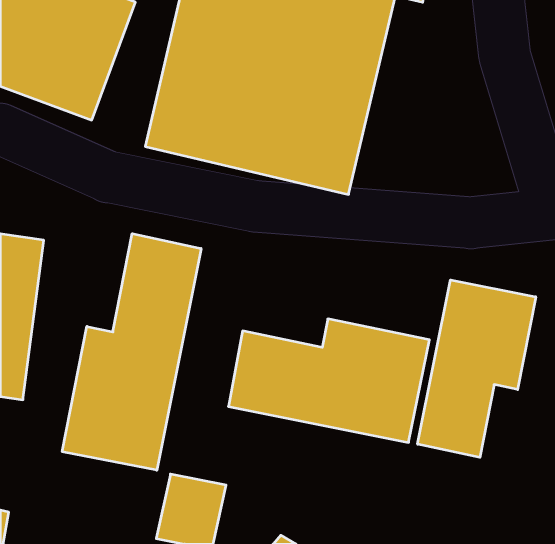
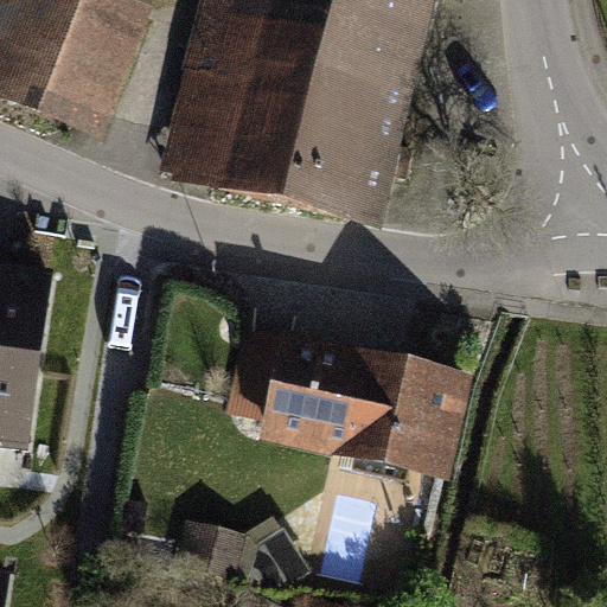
building: [62,234,201,470] -> none
building: [418,280,536,457] -> none

